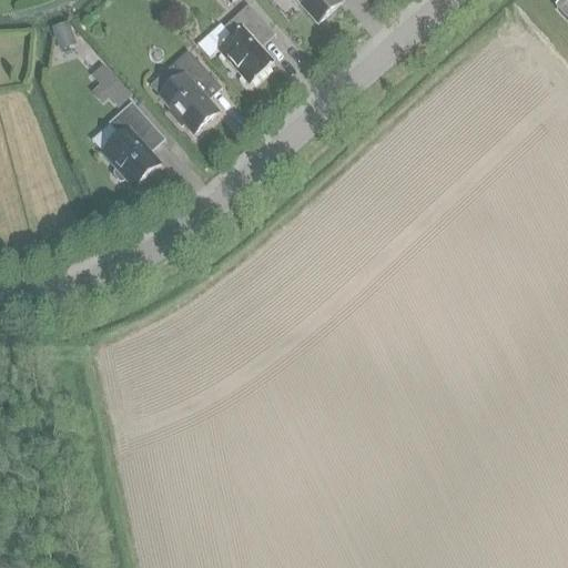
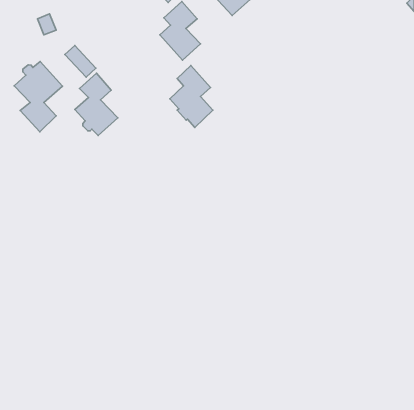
building: [160,48,219,132] -> [170,66,213,127]
building: none -> [14,62,63,132]

